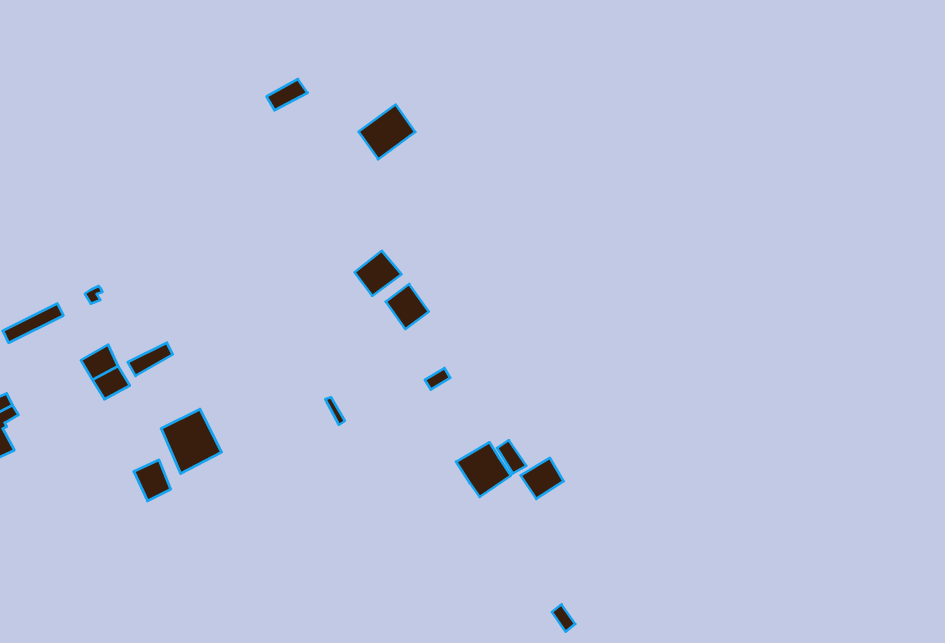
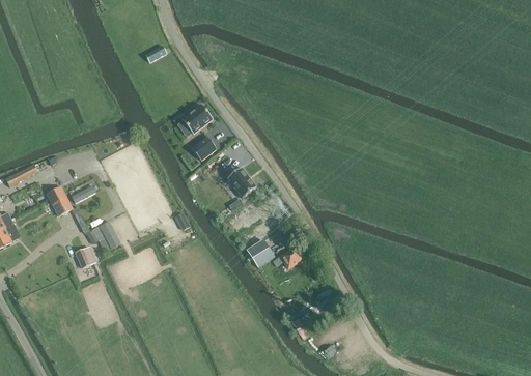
building: [359,105,415,159] -> [183,105,213,134]
building: none -> [227,168,256,198]

